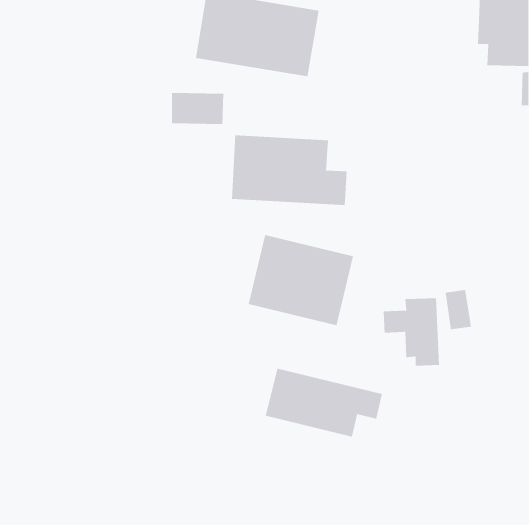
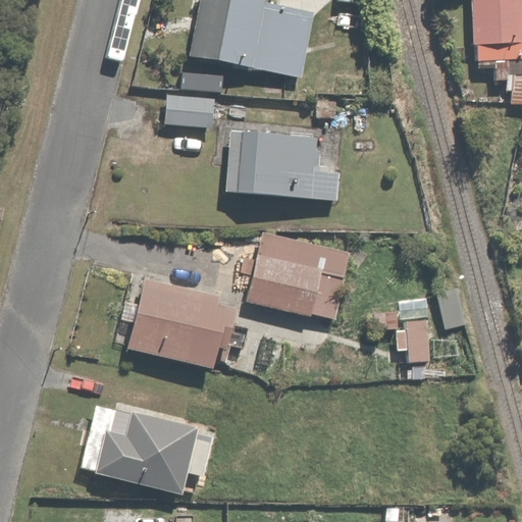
building: none -> [128,277,233,369]
building: [265,368,383,437] -> none
building: none -> [93,402,213,499]

